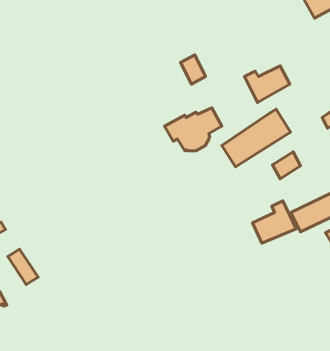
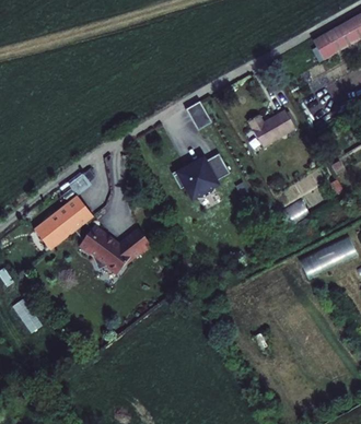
building: [222,109,291,167] -> none
building: none -> [37,197,151,273]
building: [253,201,296,243] -> none

